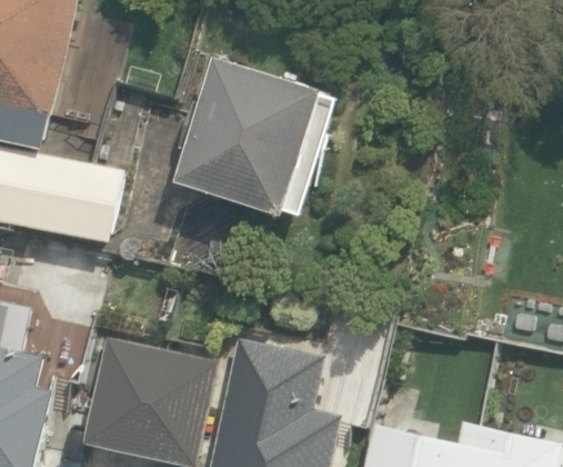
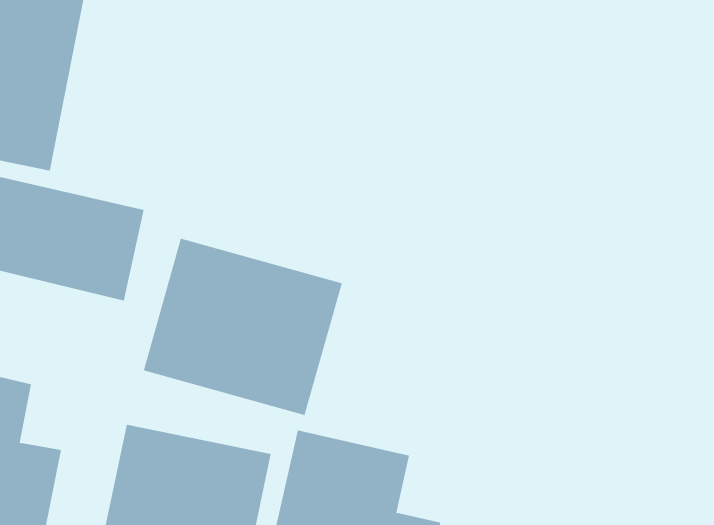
building: [171,56,334,208] -> none
building: none -> [143,238,342,416]

